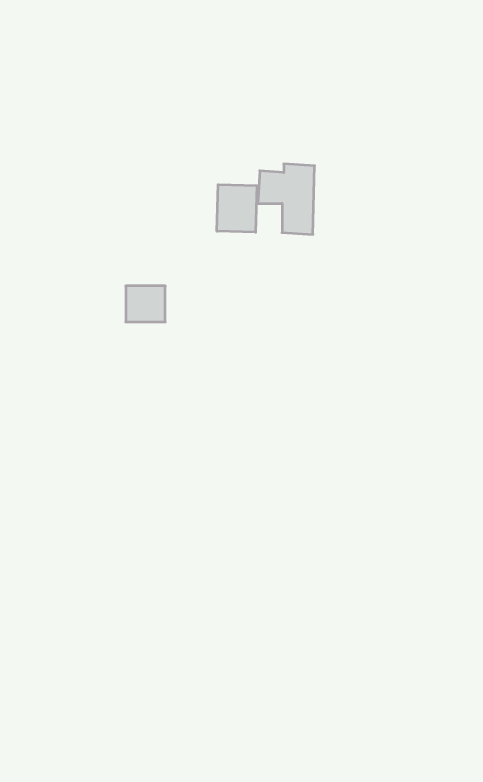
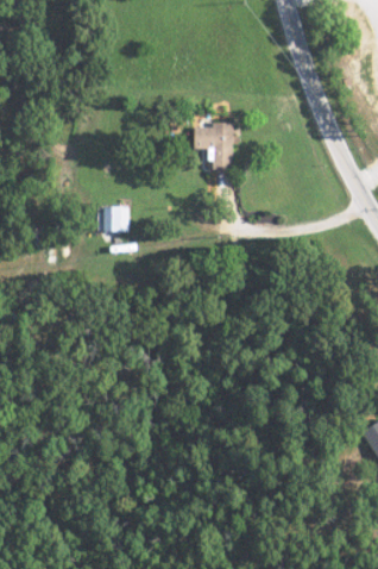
building: [217,185,257,232] -> none

